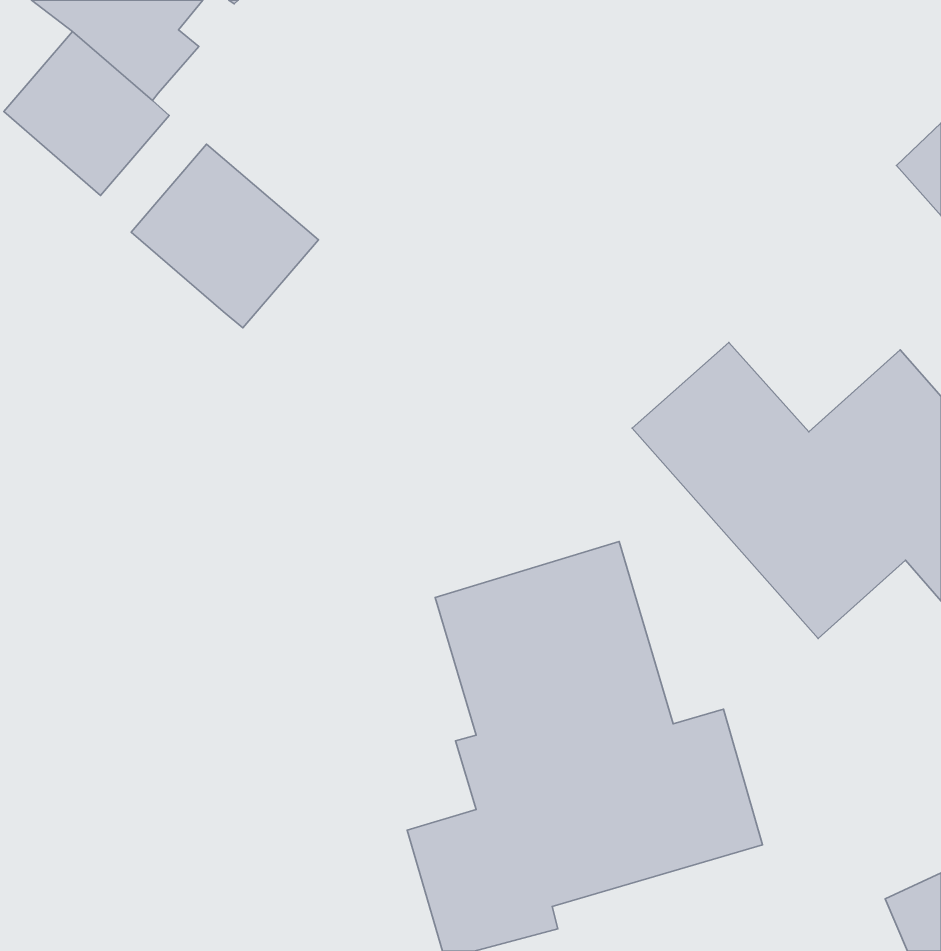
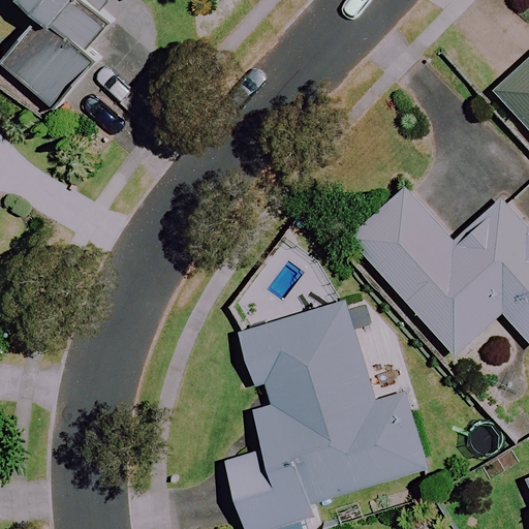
building: [131,144,319,328] -> none

